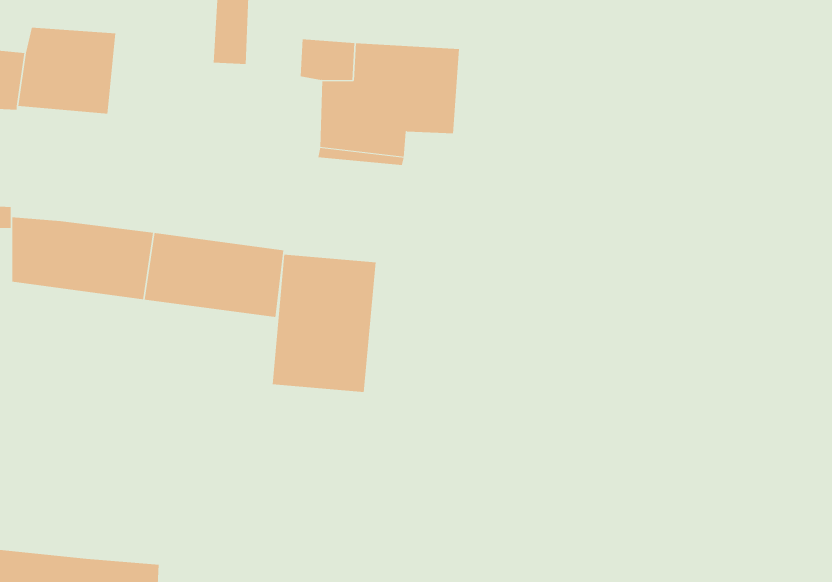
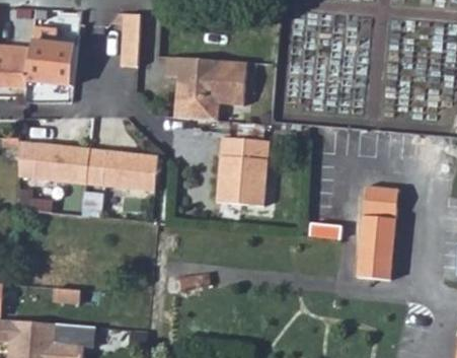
building: [272,254,376,392] -> [215,134,269,205]
building: none -> [359,185,399,277]

